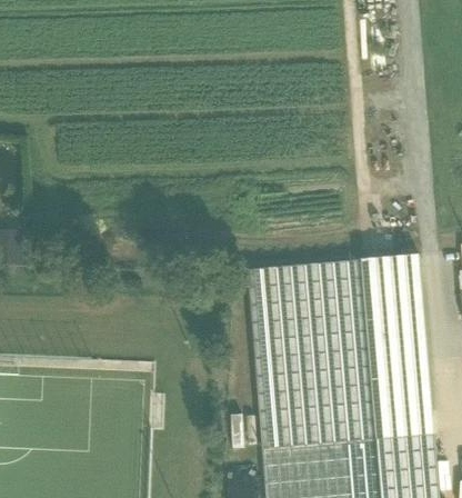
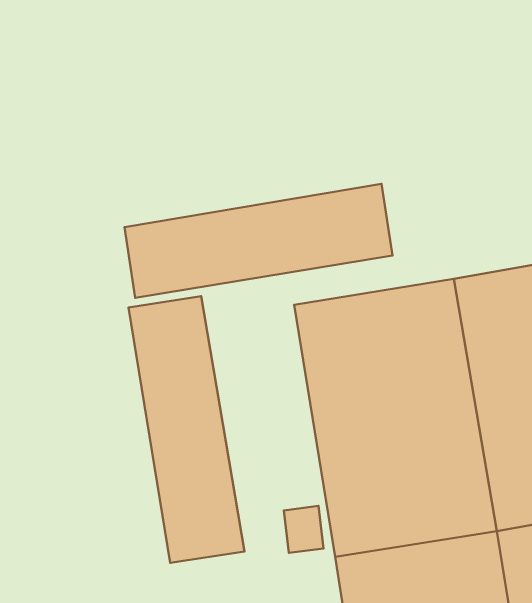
building: none -> [124,184,392,298]
building: none -> [129,296,244,563]

